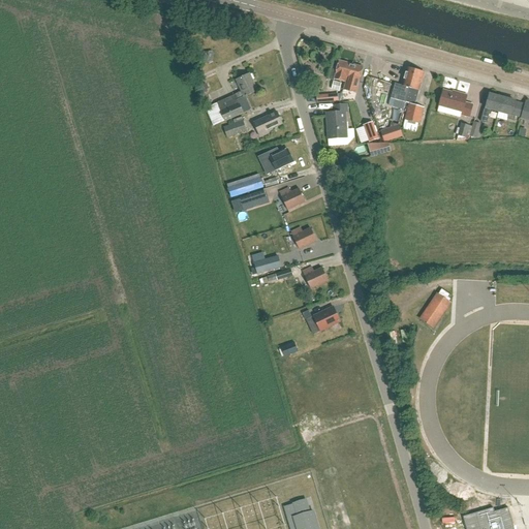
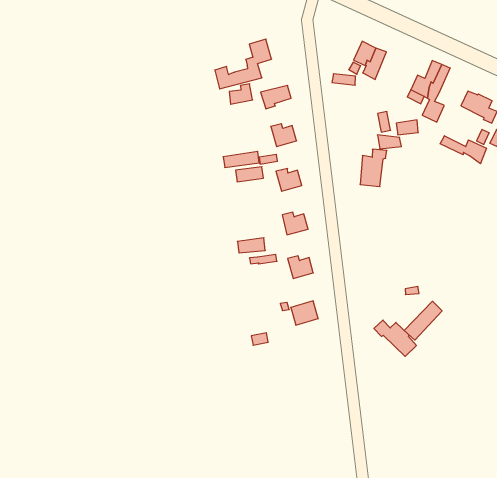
building: [325,103,347,138] -> [360,149,387,187]
building: none -> [440,136,487,164]
building: none -> [374,320,416,356]

